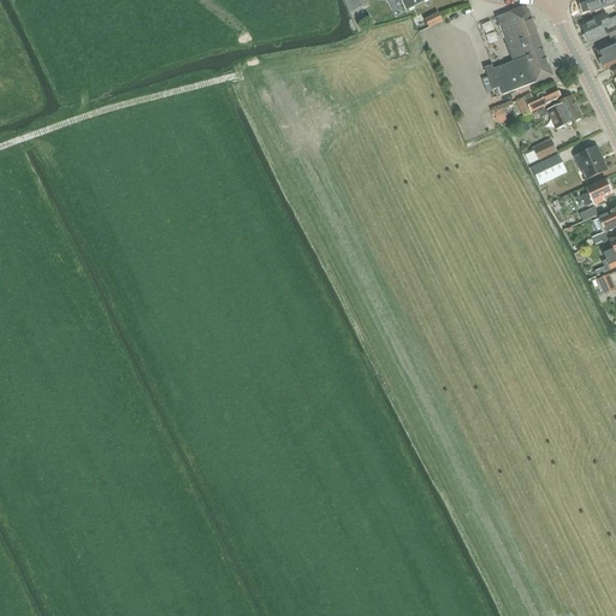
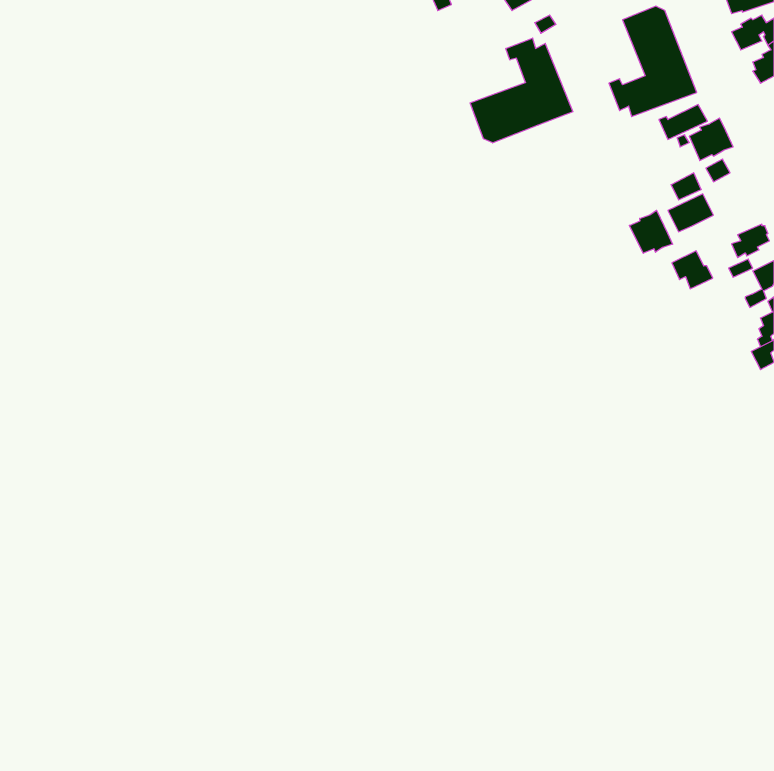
building: none -> [470,38,573,143]
building: [574,147,606,177] -> [672,251,713,289]
building: none -> [629,210,673,253]

